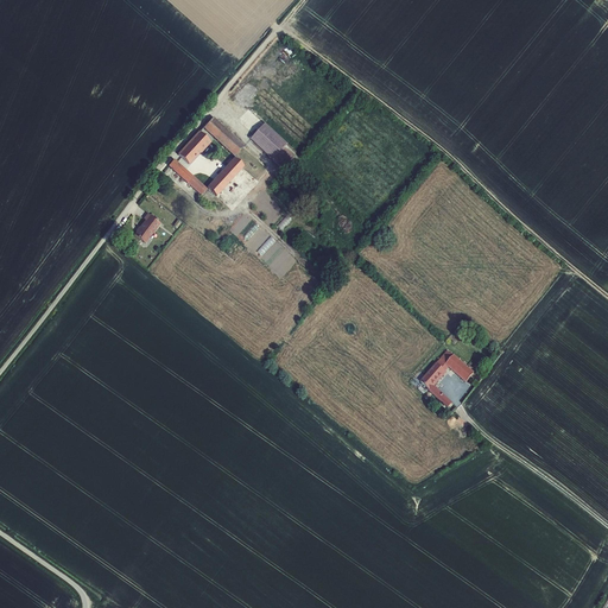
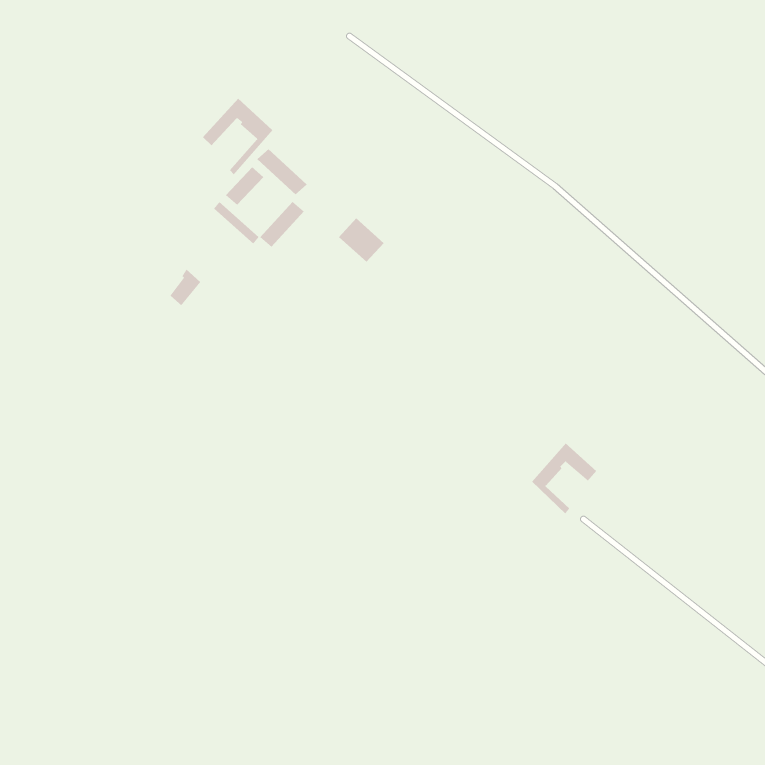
building: none -> [202,98,273,175]
building: [252,124,289,159] -> [338,218,385,263]

